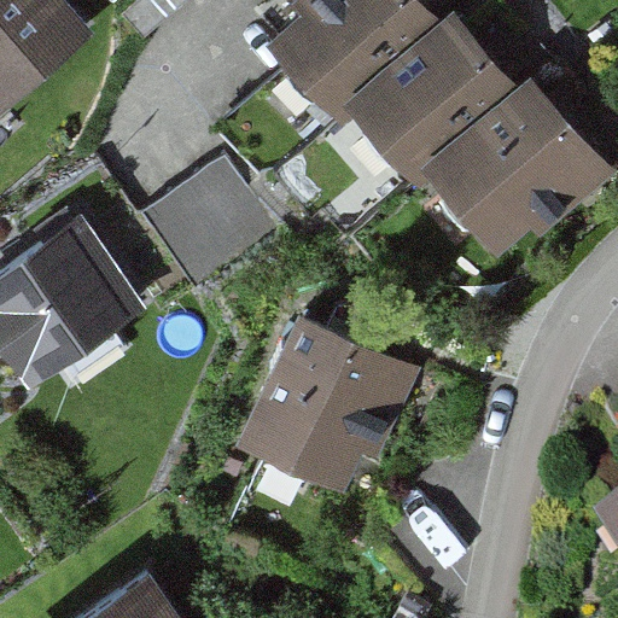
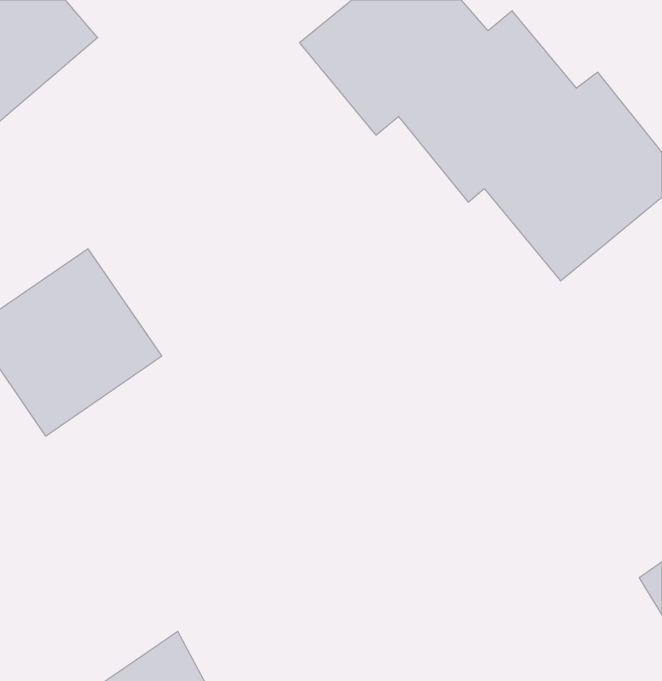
building: [130,159,243,266] -> none
building: [258,317,421,486] -> none

